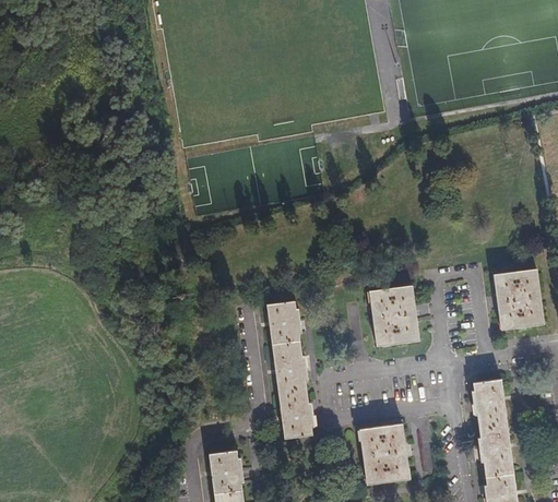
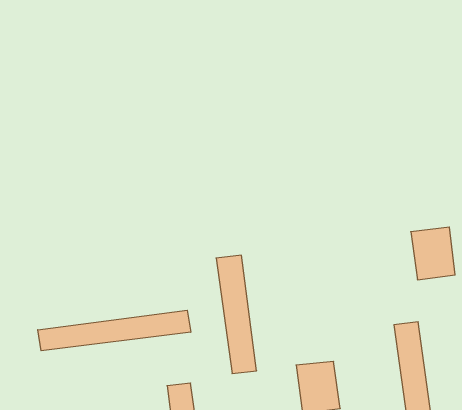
building: [370,285,422,346] -> none
building: none -> [38,310,191,351]

